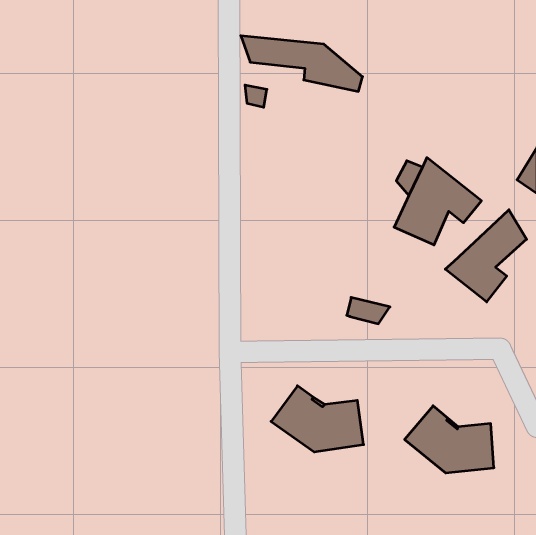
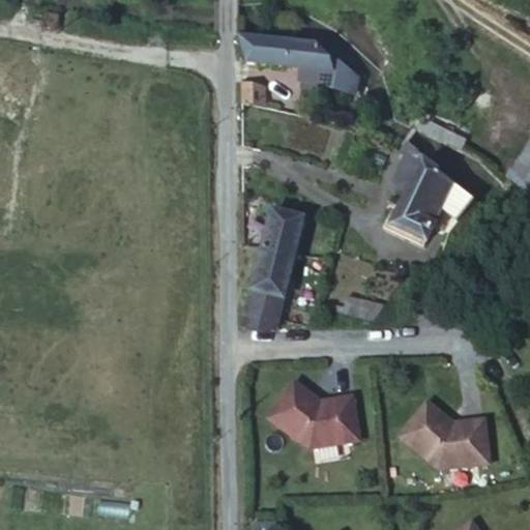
building: [445,210,527,302] -> none
building: none -> [242,208,303,332]

